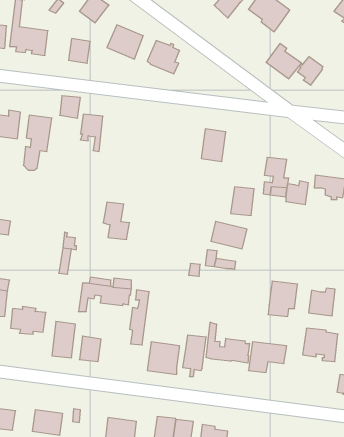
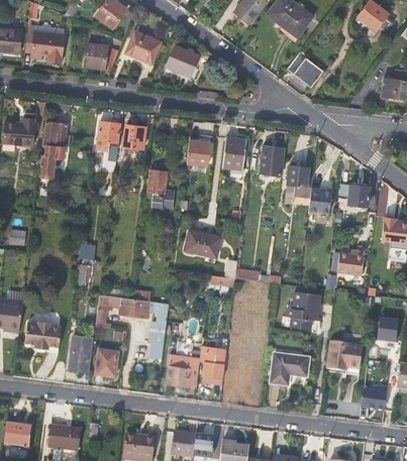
building: [298,57,323,85] -> none
building: [60,96,80,118] -> [124,125,145,148]
building: none -> [186,140,210,165]
building: [231,187,254,215] -> [259,146,283,176]
building: [103,202,130,239] -> [146,169,174,208]
building: [211,221,247,249] -> [184,230,221,258]
building: [309,288,335,316] -> [336,245,364,273]
building: [206,322,250,363] -> none

